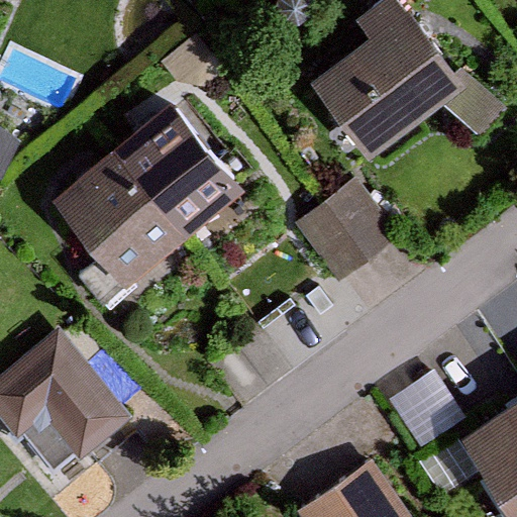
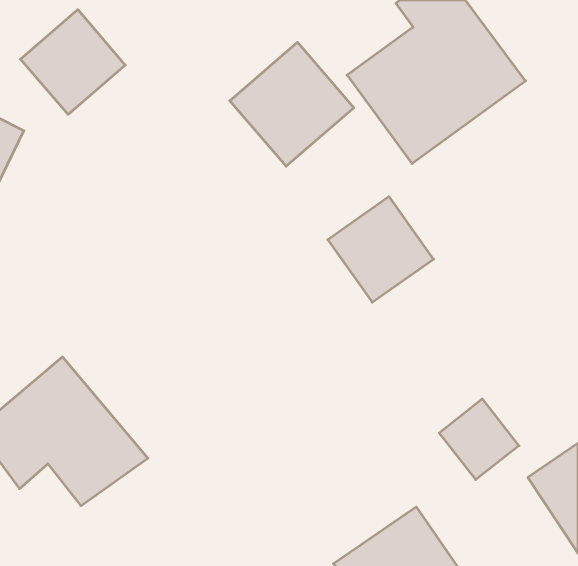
building: none -> [20,10,125,114]
building: none -> [230,42,354,166]
building: [62,103,245,283] -> none

